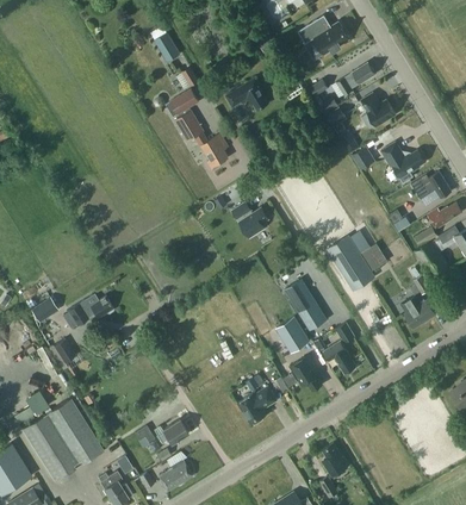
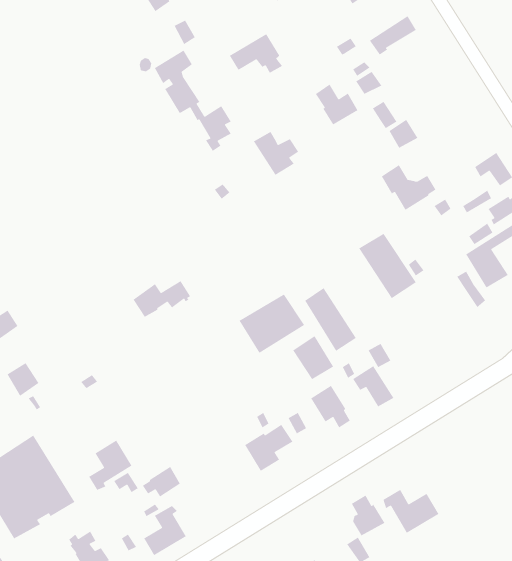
building: [360,93,394,126] -> [315,83,359,125]
building: [380,142,424,179] -> [381,164,437,211]
building: [231,202,268,238] -> [253,131,299,176]
building: none -> [238,293,305,354]
building: [67,295,113,325] -> [133,280,191,318]
building: [400,297,434,329] -> none
building: none -> [88,440,133,491]
building: none -> [382,489,440,534]

